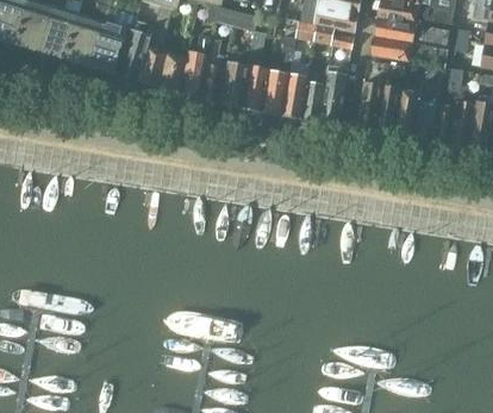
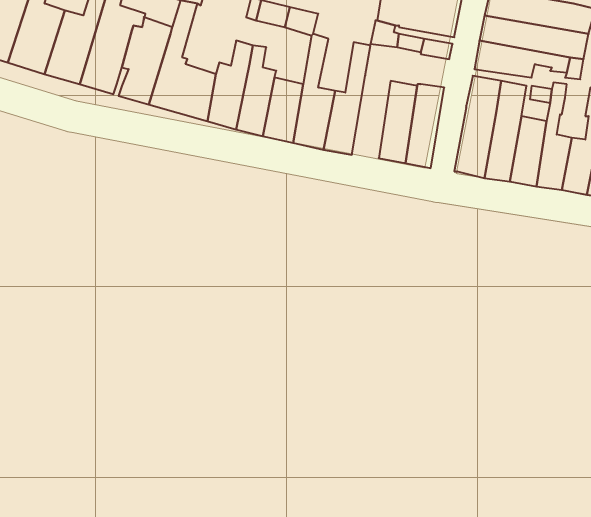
building: [282,58,310,117] -> none

